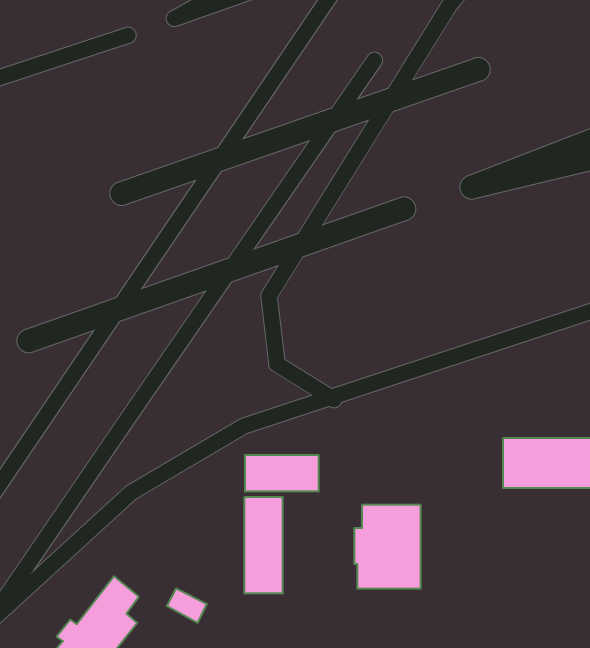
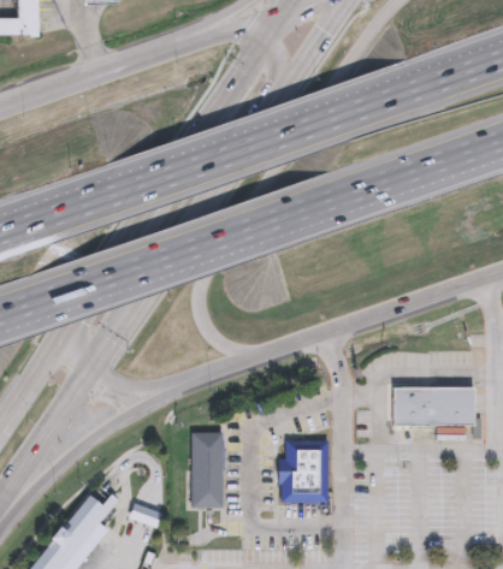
building: [245,455,319,492] -> none

